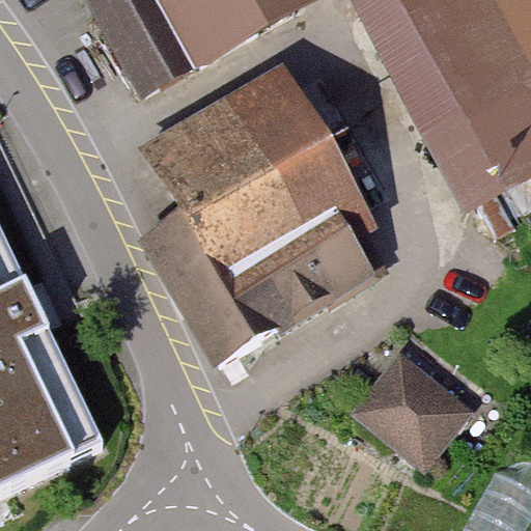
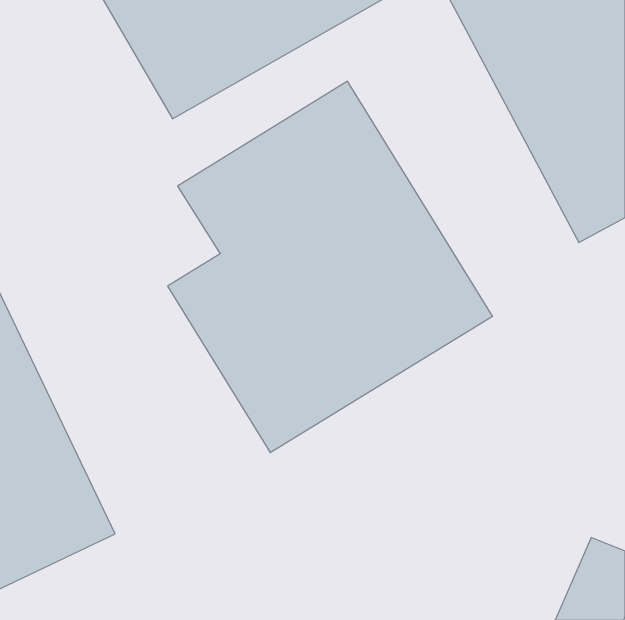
building: [353,342,471,457] -> none

